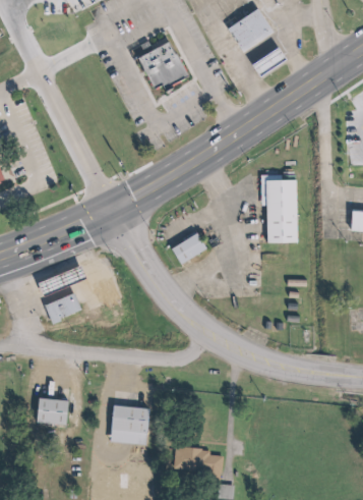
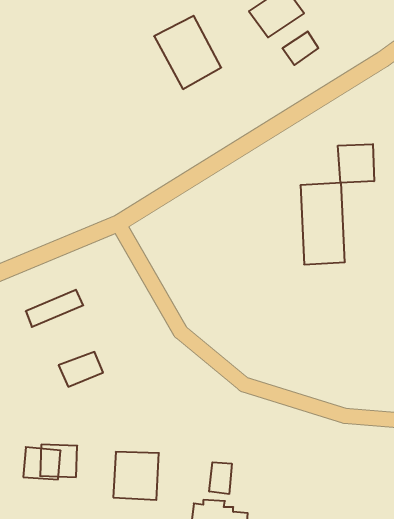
building: none -> [338,144,374,183]
building: [169,235,203,266] -> none
building: [42,295,79,325] -> [59,352,103,387]
building: none -> [209,462,232,494]

